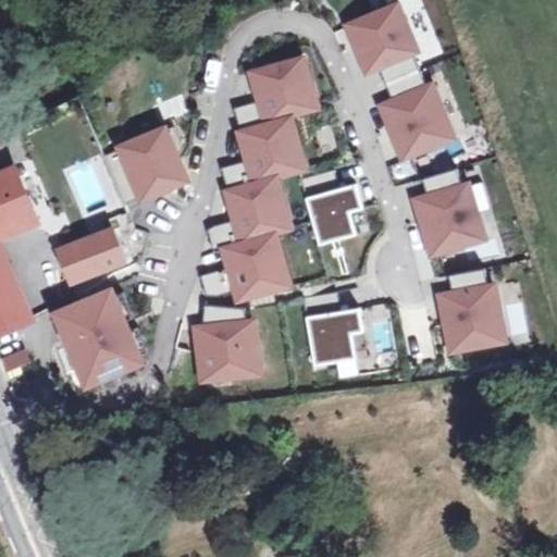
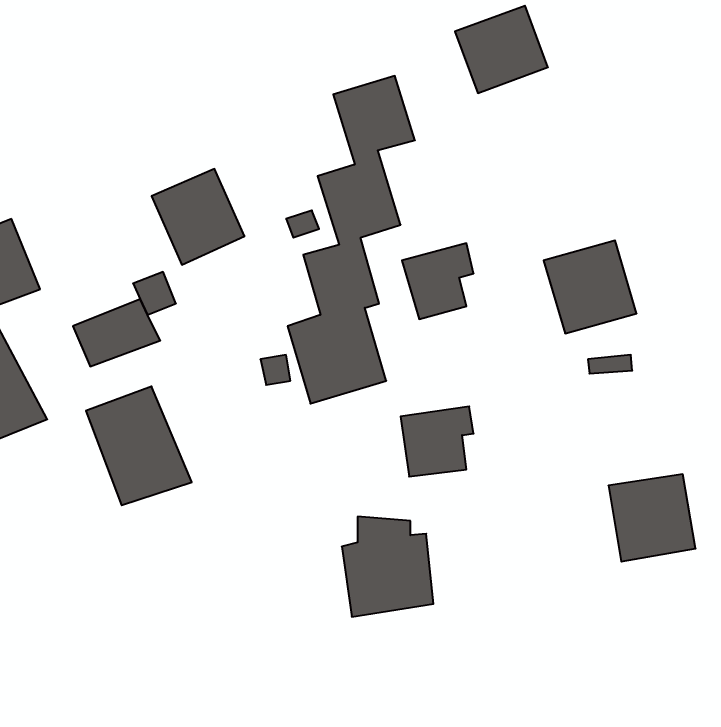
building: [377,83,454,158] -> none
building: [437,284,504,350] -> [608,474,696,562]
building: [193,307,262,383] -> [342,517,433,617]

